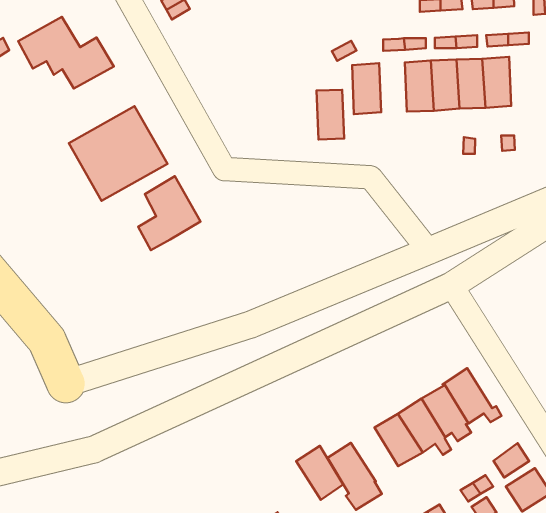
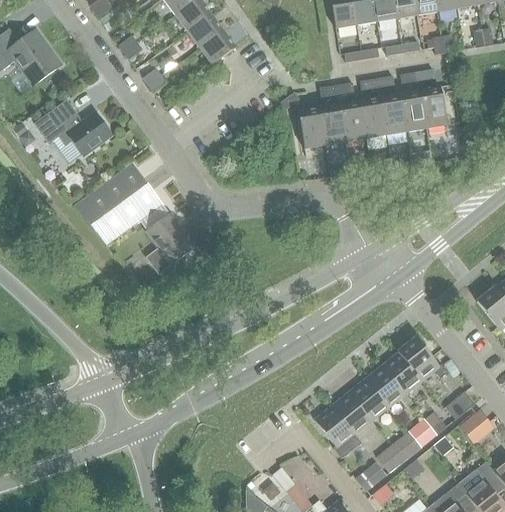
building: none -> [420,86,447,127]
building: [316,90,344,139] -> [319,103,345,144]
building: [296,446,343,500] -> [332,391,371,433]

